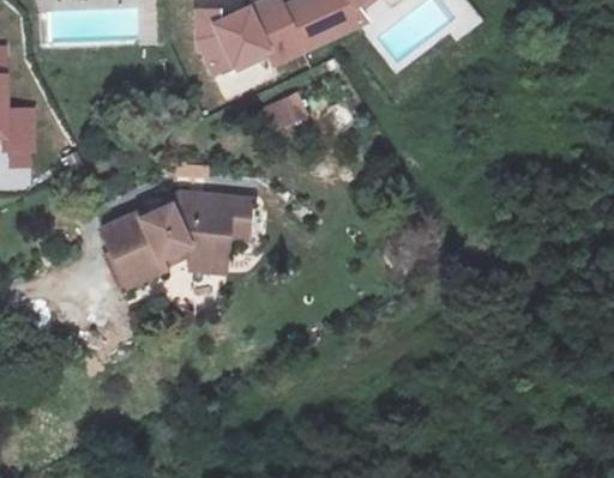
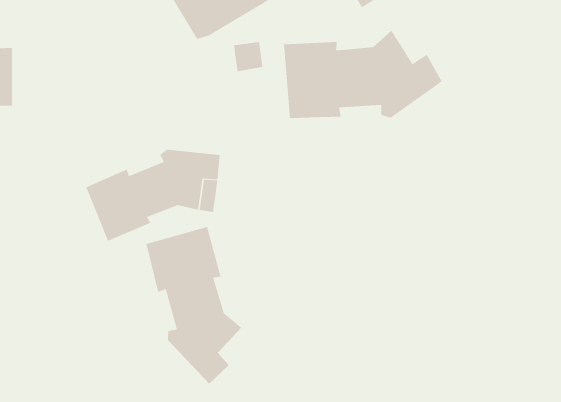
building: none -> [283,30,442,119]
building: none -> [146,226,242,384]

